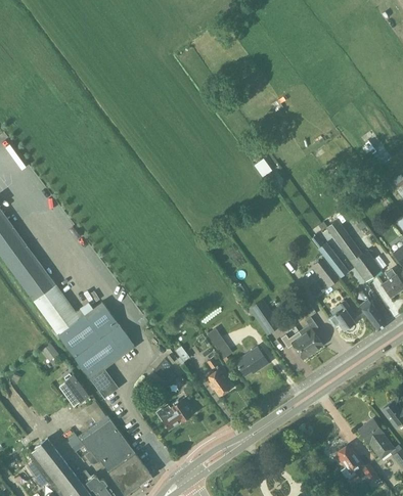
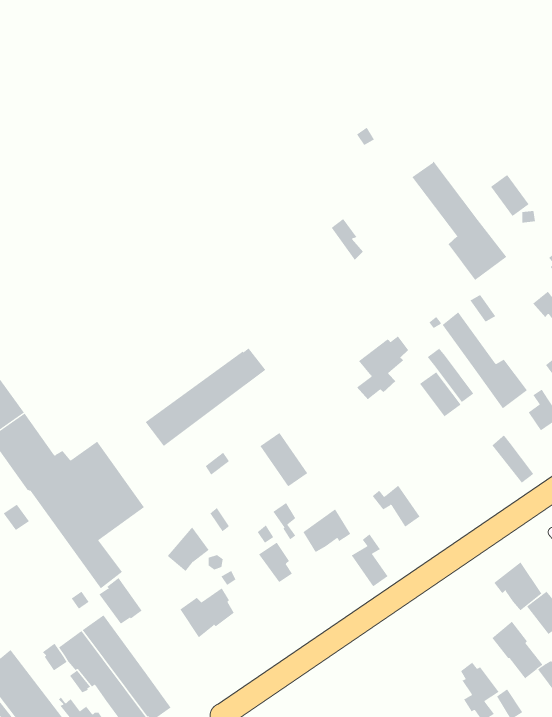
building: none -> [411,160,507,281]
building: none -> [356,336,409,400]
building: none -> [145,348,266,447]
building: [250,299,281,334] -> [259,432,308,487]
building: [327,302,356,330] -> none
building: [299,317,323,352] -> [351,533,389,587]
building: [60,375,89,406] -> [98,577,143,625]
building: none -> [494,562,542,611]

